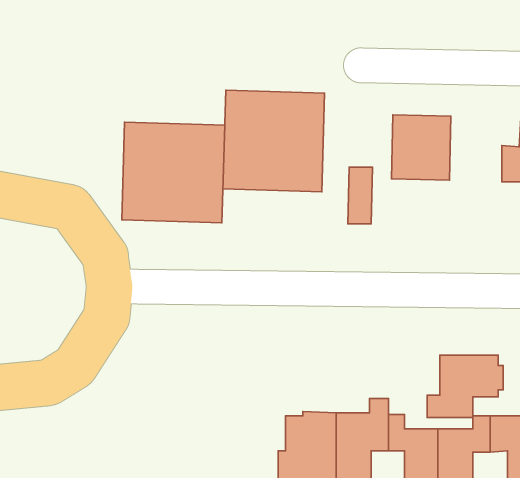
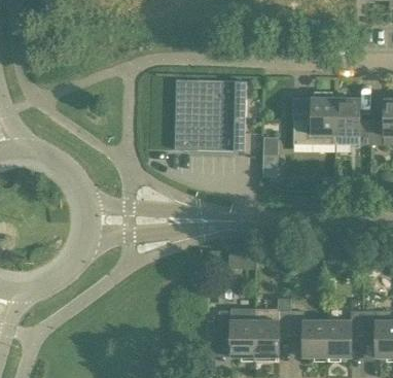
building: none -> [334,99,371,145]
building: [122,122,225,223] -> none
building: [427,355,503,418] -> none

